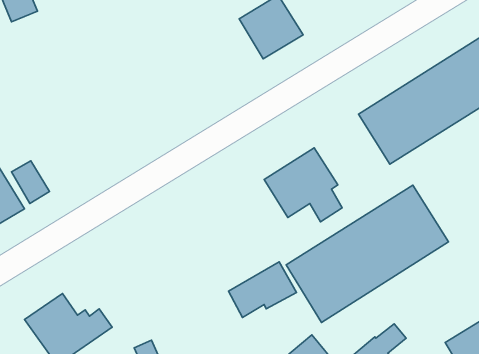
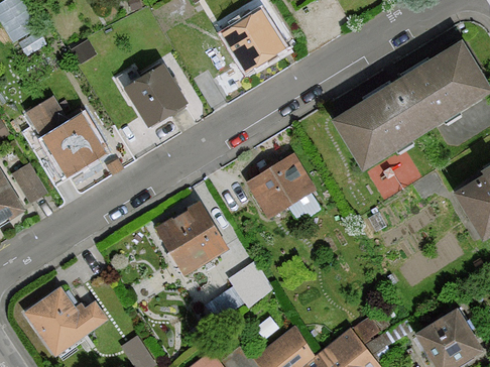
building: none -> [125,66,186,126]
building: none -> [24,98,103,186]
building: [286,185,448,322] -> none
building: none -> [155,201,227,273]

